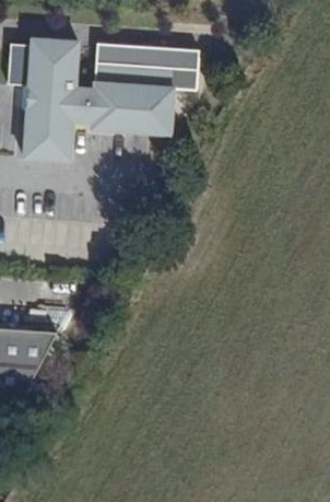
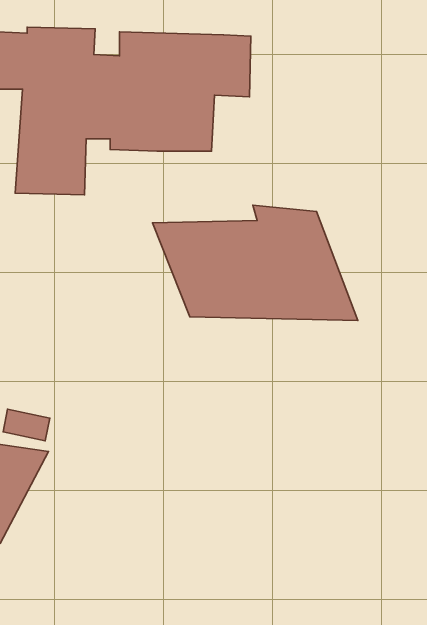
building: none -> [153,205,358,321]

